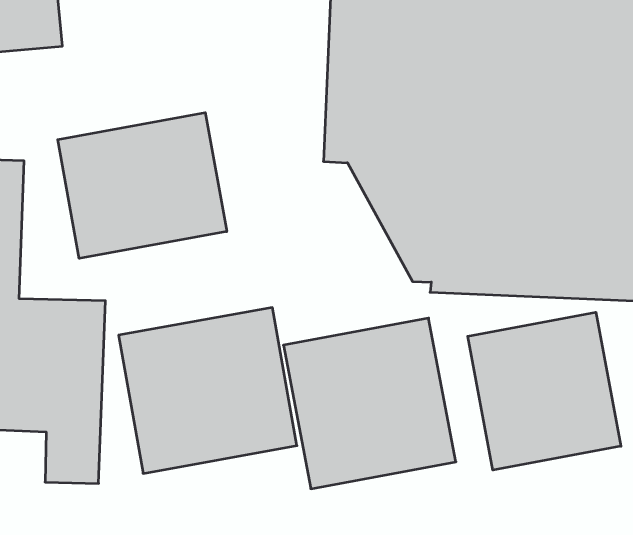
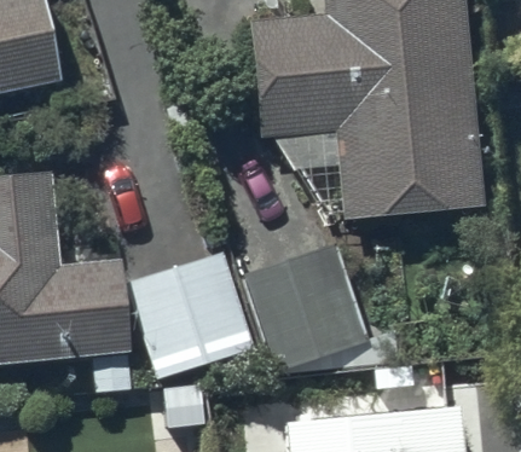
building: [58,113,227,258] -> none
building: [468,312,621,470] -> none

